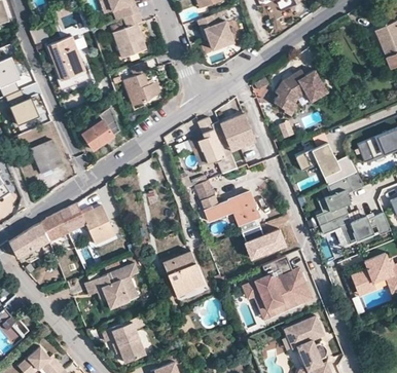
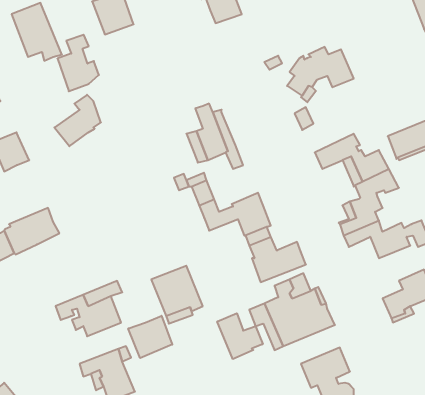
building: [122,62,156,108] -> [57,35,99,91]
building: [219,114,256,151] -> none
building: [81,204,115,245] -> none
building: none -> [217,313,263,359]
building: none -> [128,316,172,358]

